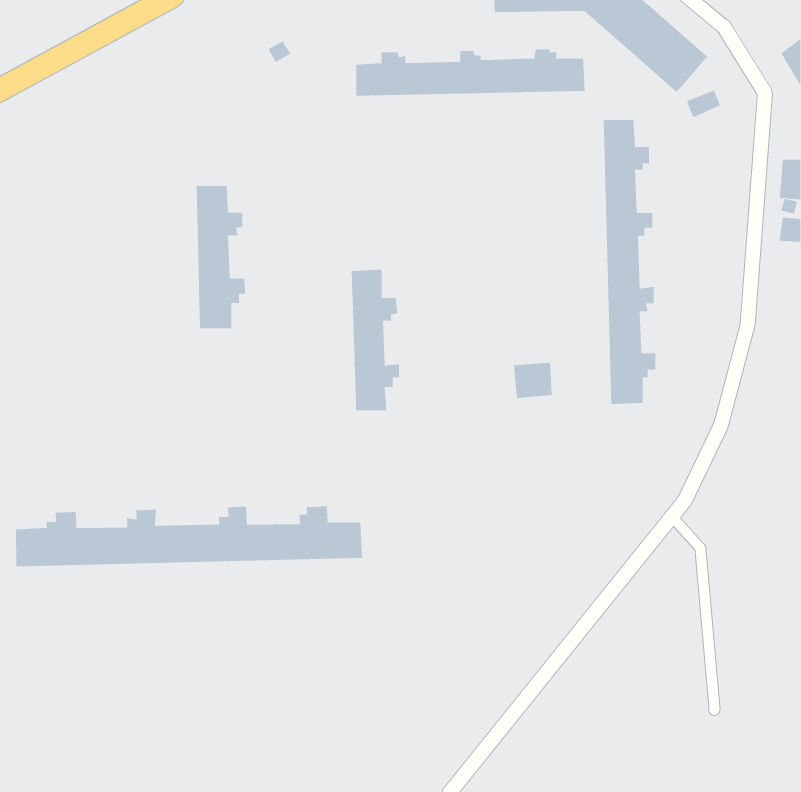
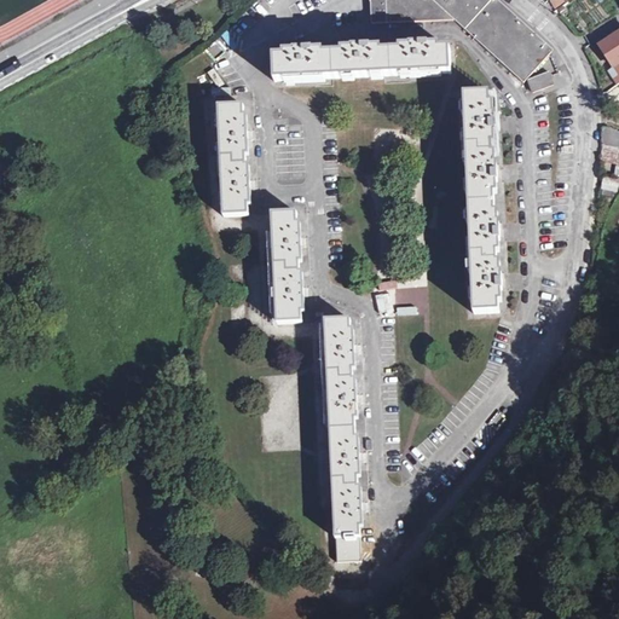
building: [196,185,246,329] -> [219,98,258,208]
building: none -> [322,316,365,559]
building: [16,505,363,567] -> none

